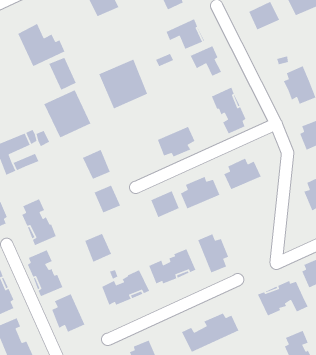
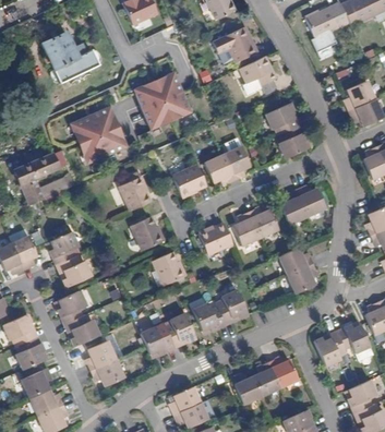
building: [48,57,77,91] -> none
building: none -> [171,165,205,196]
building: [84,233,112,263] -> [153,250,184,284]
building: [197,233,229,274] -> [279,245,315,291]

